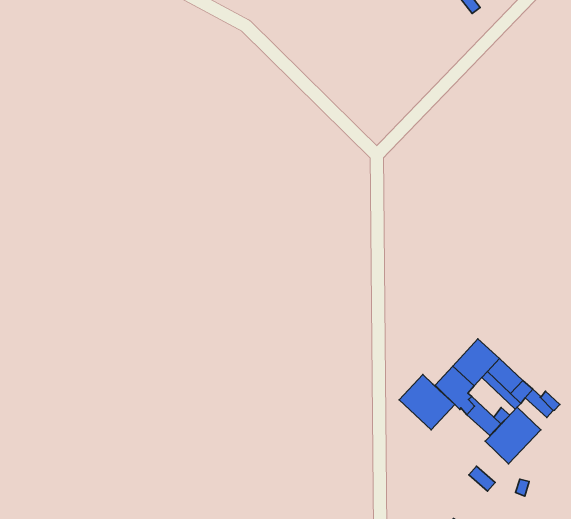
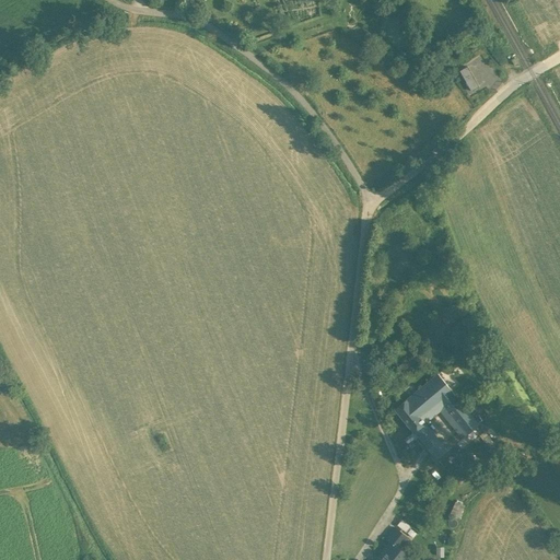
building: [399,375,455,430] -> none
building: [485,407,541,464] -> none

